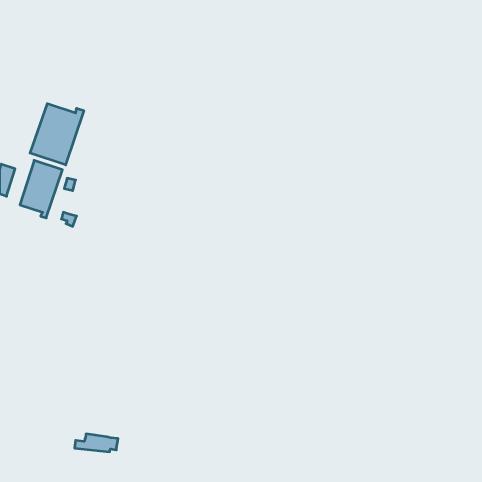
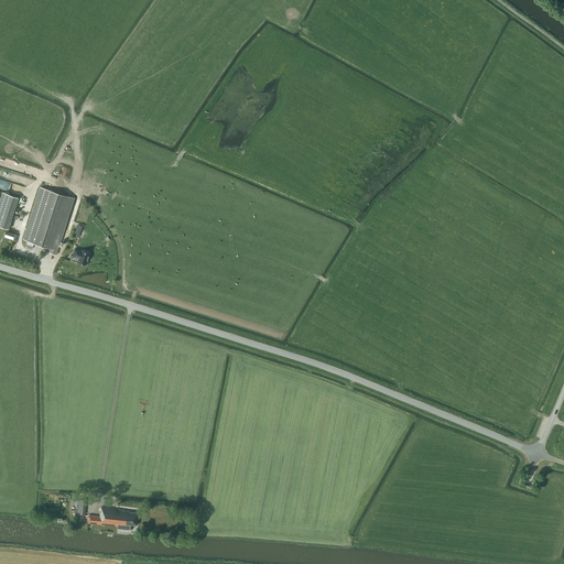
building: [30,104,84,165] -> none

